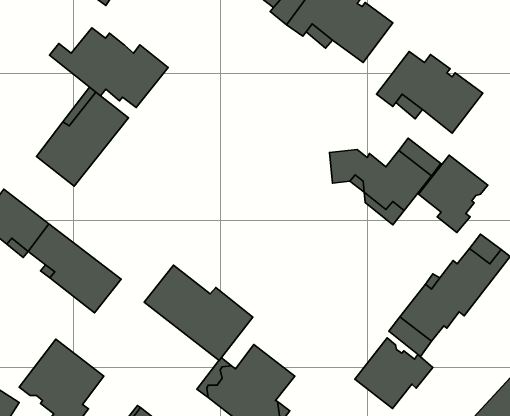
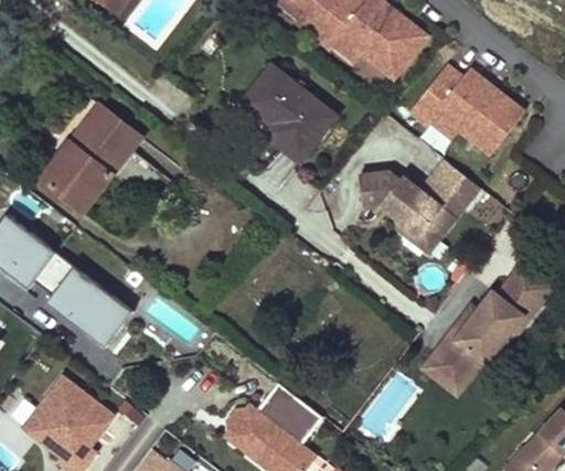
building: [49,28,168,108] -> none
building: none -> [244,65,337,162]
building: [419,155,488,232] -> none
building: [144,265,253,360] -> none
building: [355,338,433,409] -> none

